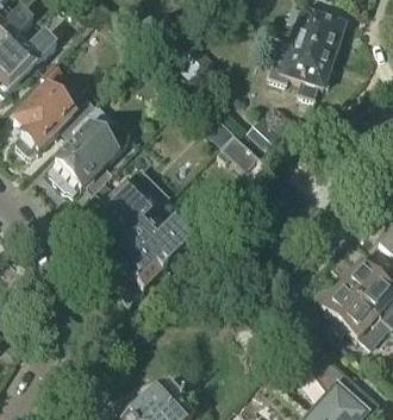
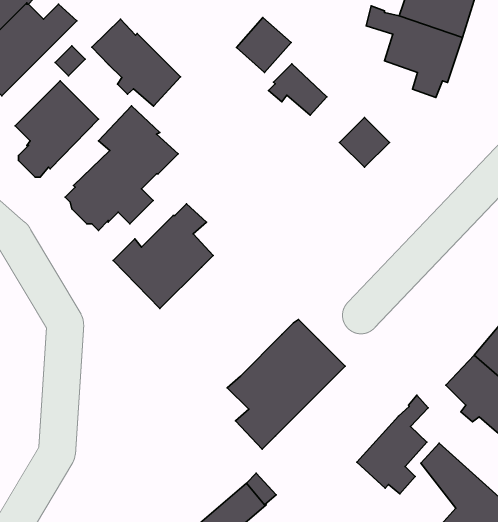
building: none -> [92,19,180,106]
building: [218,132,260,169] -> [269,64,327,115]
building: [108,208,193,301] -> [227,320,345,449]
building: none -> [357,395,428,494]

